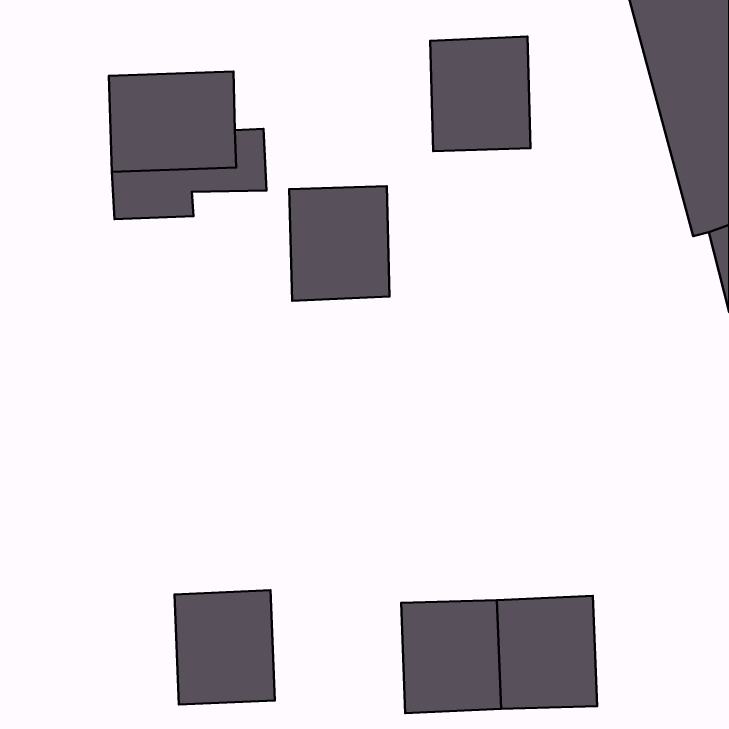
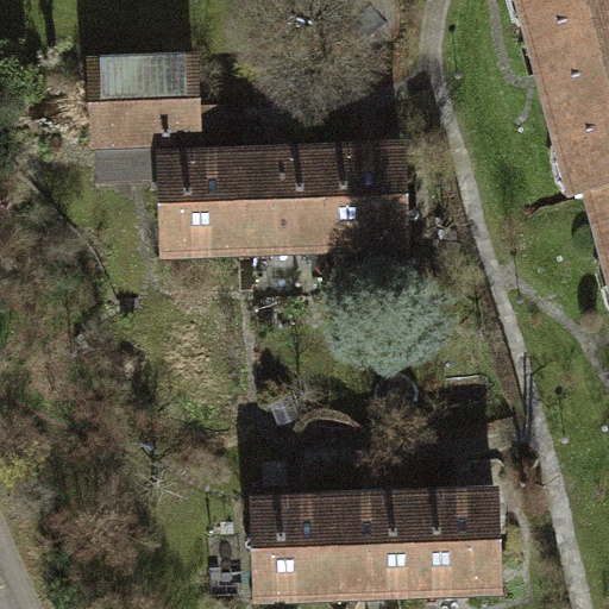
building: [430,37,530,151] -> [321,151,404,246]
building: none -> [159,157,243,252]
building: [175,590,275,705] -> [253,501,337,596]

